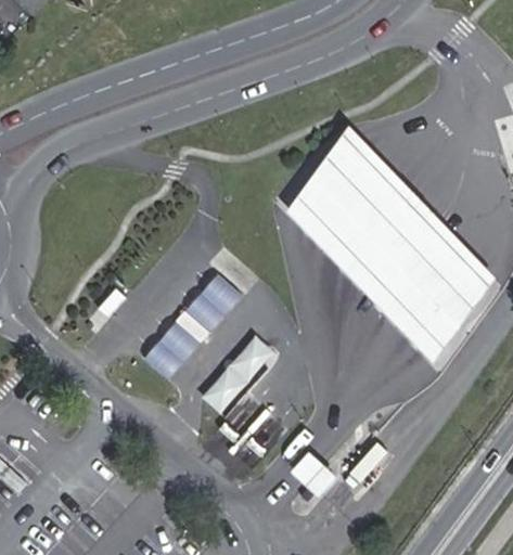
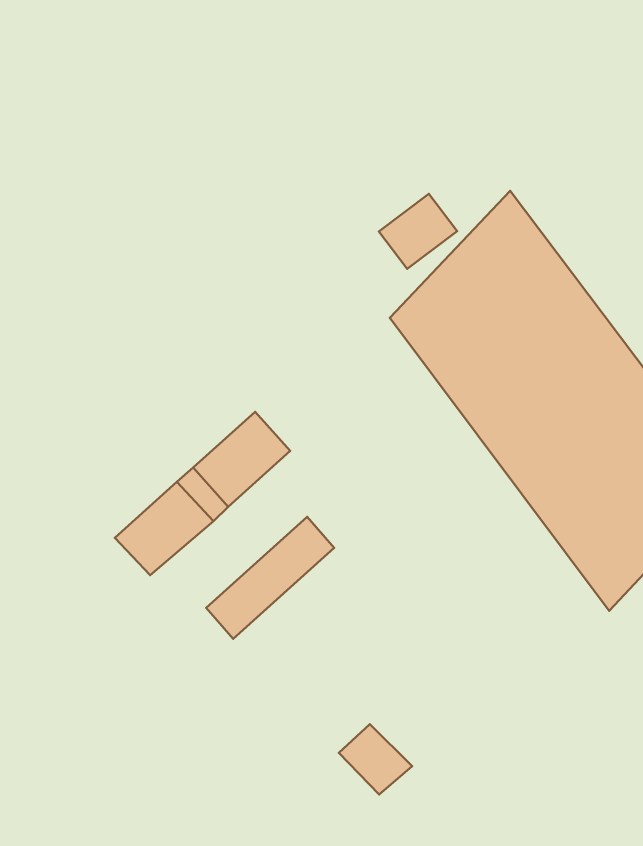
building: none -> [379,194,457,269]

